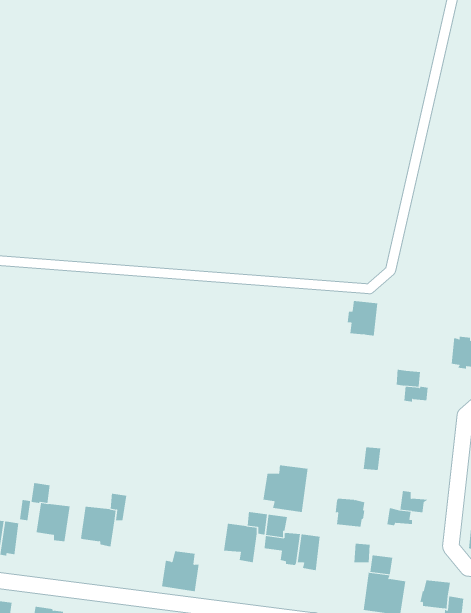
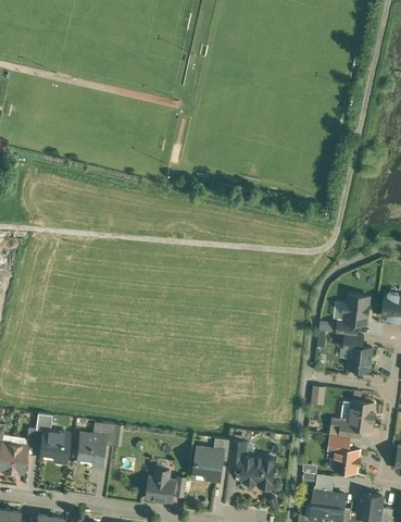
building: [347,301,378,336] -> [343,294,369,323]
building: none -> [348,345,373,370]
building: [263,464,308,513] -> none
building: none -> [350,400,375,428]
building: [335,498,365,527] -> [335,447,360,471]

